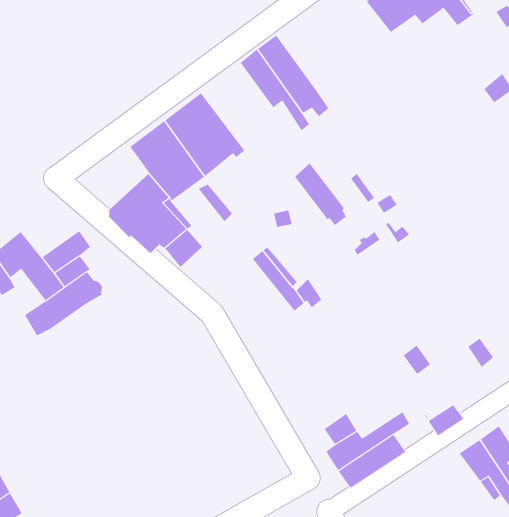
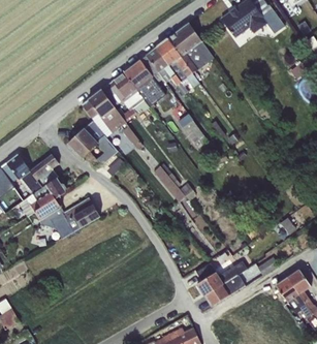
building: none -> [168,23,214,72]
building: none -> [124,55,166,108]
building: none -> [35,197,100,238]

